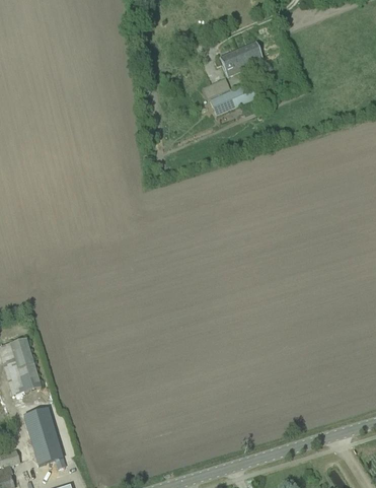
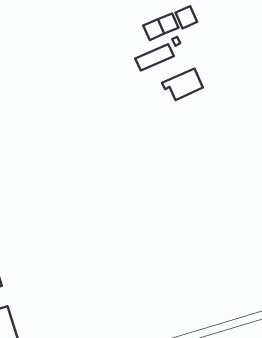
building: none -> [175,6,197,28]
building: none -> [162,69,203,100]

